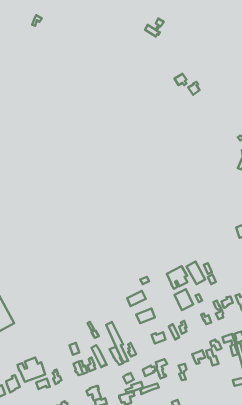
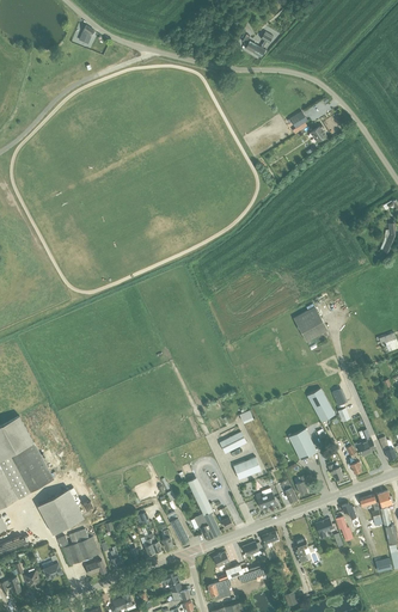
building: none -> [294,307,327,342]
building: [167,266,187,289] -> none
building: none -> [38,490,85,534]

